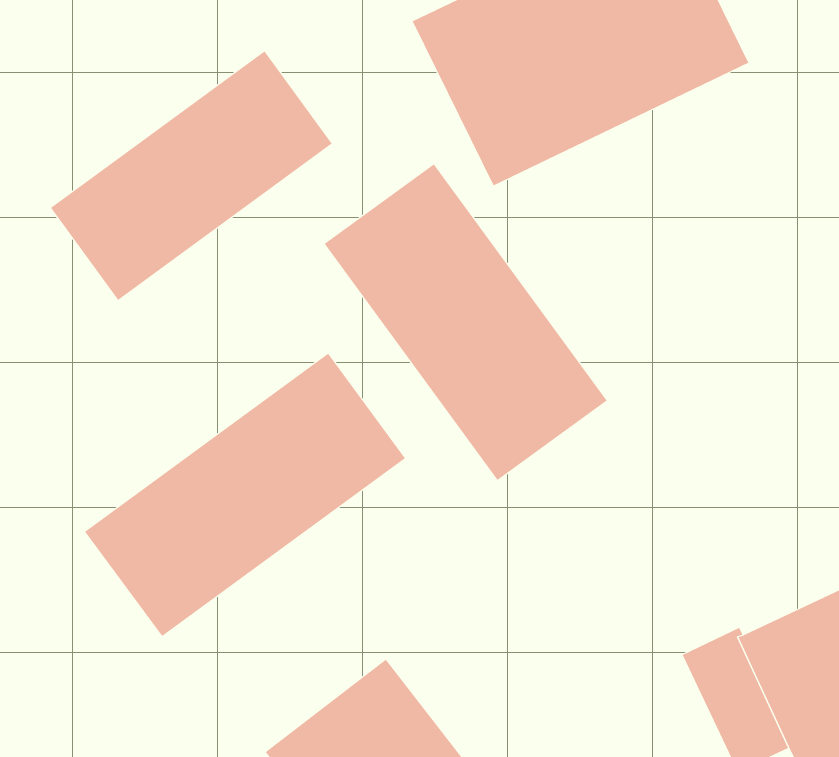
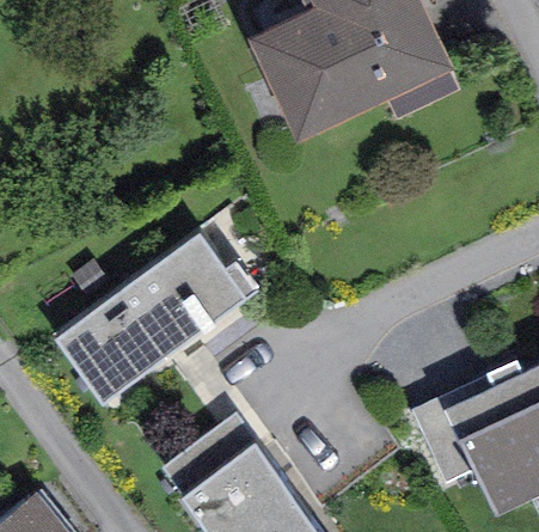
building: [50,50,332,301] -> none
building: [324,163,608,481] -> none

